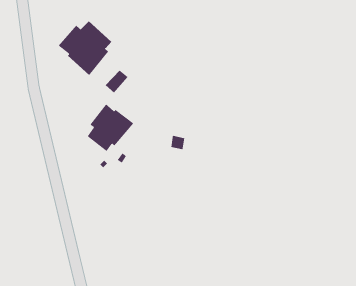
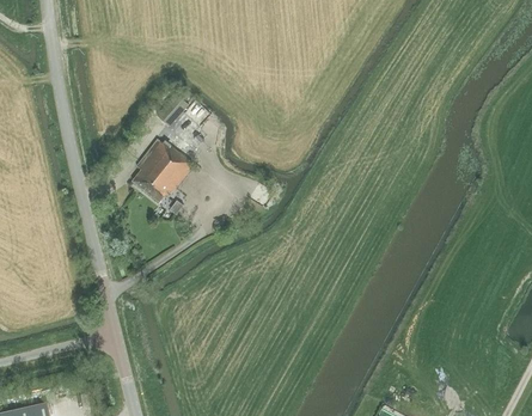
building: [58,21,112,76] -> none

